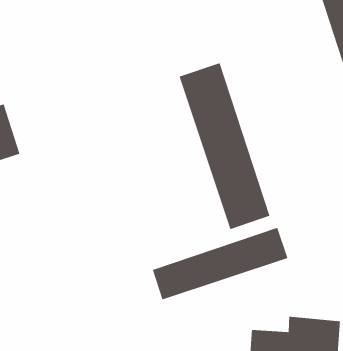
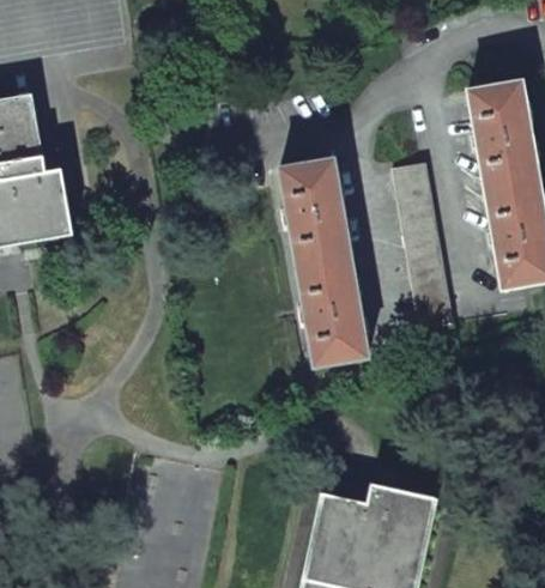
building: none -> [392,163,452,327]
building: [152,227,288,300] -> none

